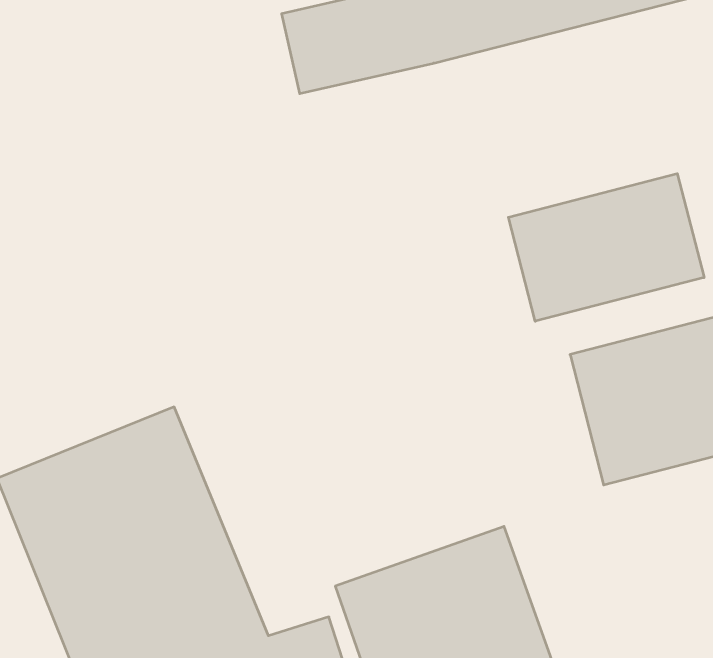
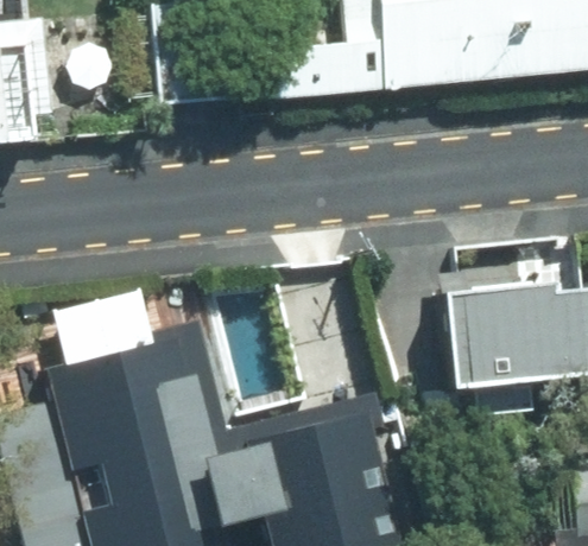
building: [508,174,704,321] -> none

